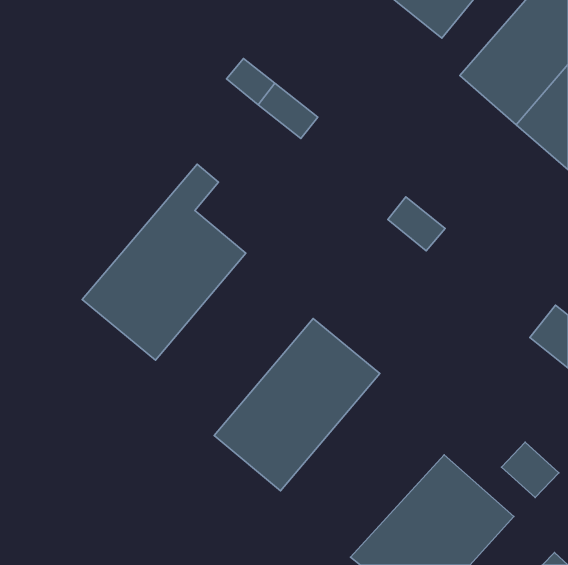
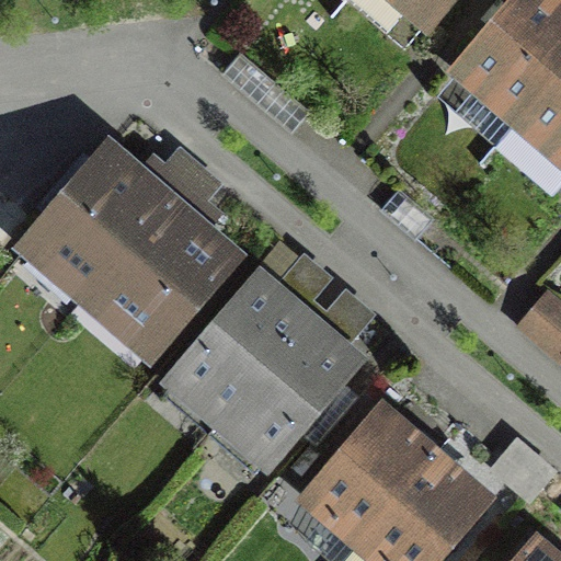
building: none -> [16,137,192,291]
building: none -> [163,272,305,424]
building: none -> [298,403,432,542]

